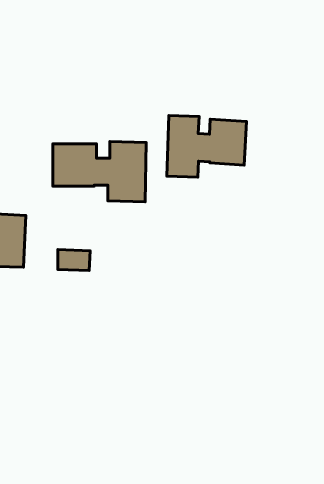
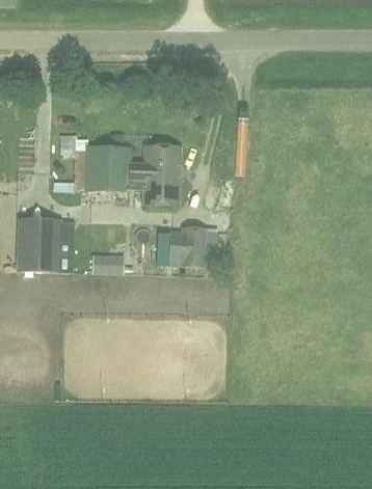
building: [167,116,246,177] -> none
building: none -> [170,226,206,266]

